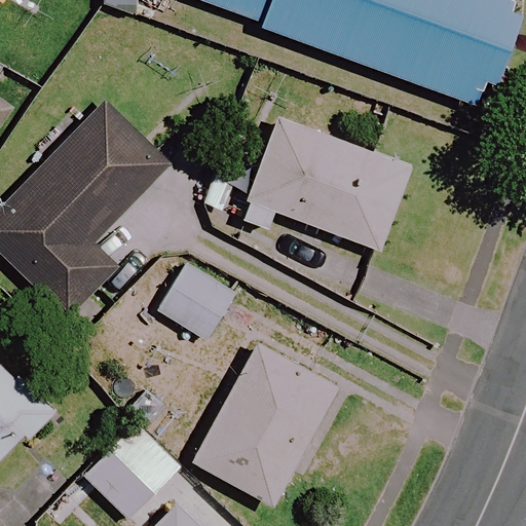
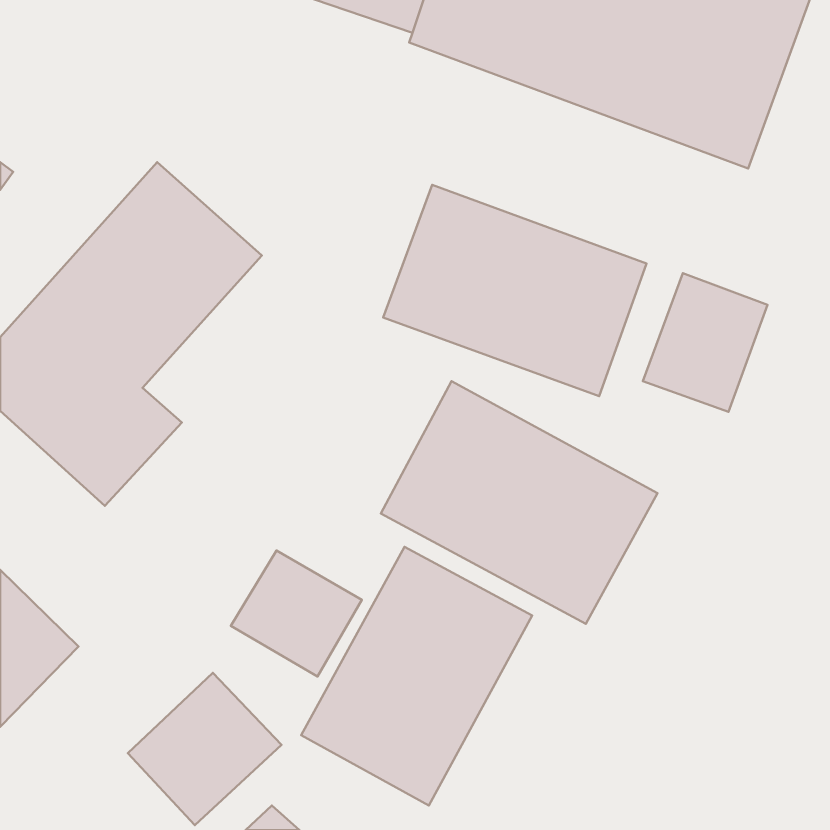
building: none -> [643,273,768,412]
building: none -> [381,381,658,624]
building: [153,260,235,339] -> [231,551,362,677]

